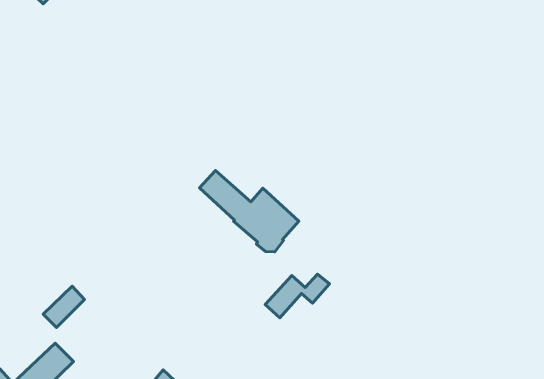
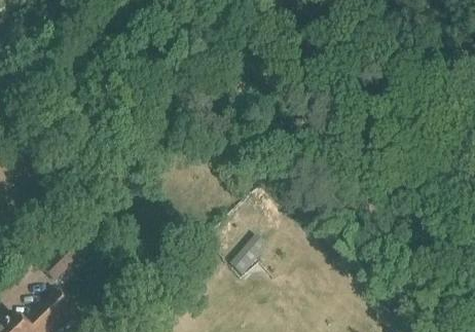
building: [199,171,299,252] -> none

